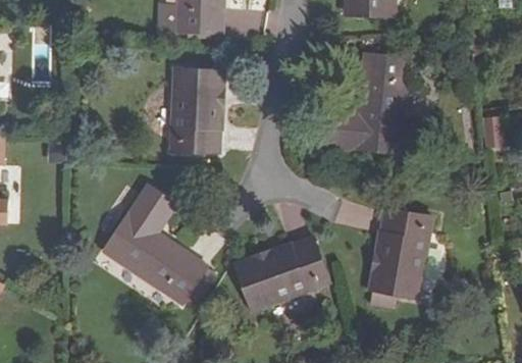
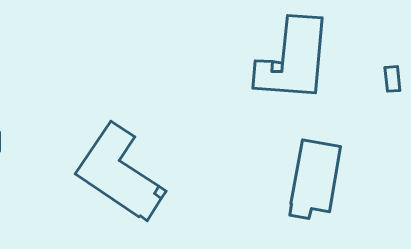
building: [169,70,223,154] -> none
building: [234,237,327,312] -> none

